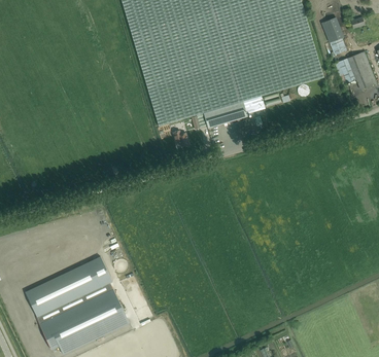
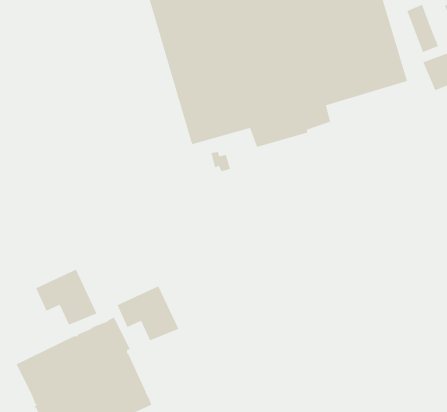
building: none -> [36,269,97,326]
building: none -> [117,285,179,341]

